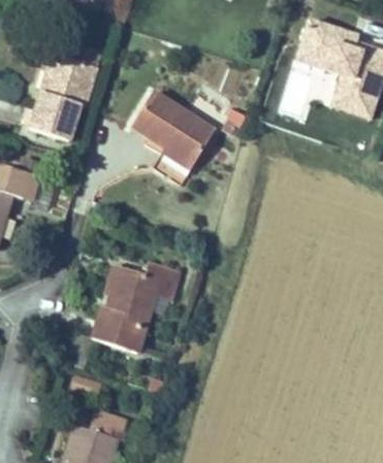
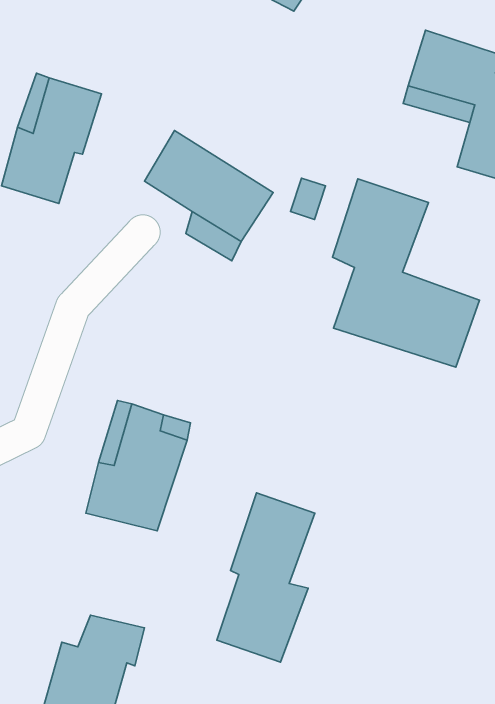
building: none -> [332,179,480,367]
building: none -> [217,493,315,662]

